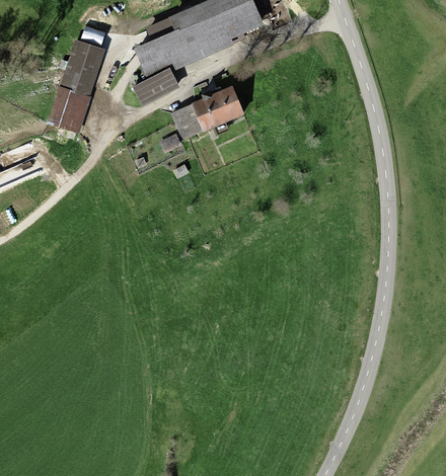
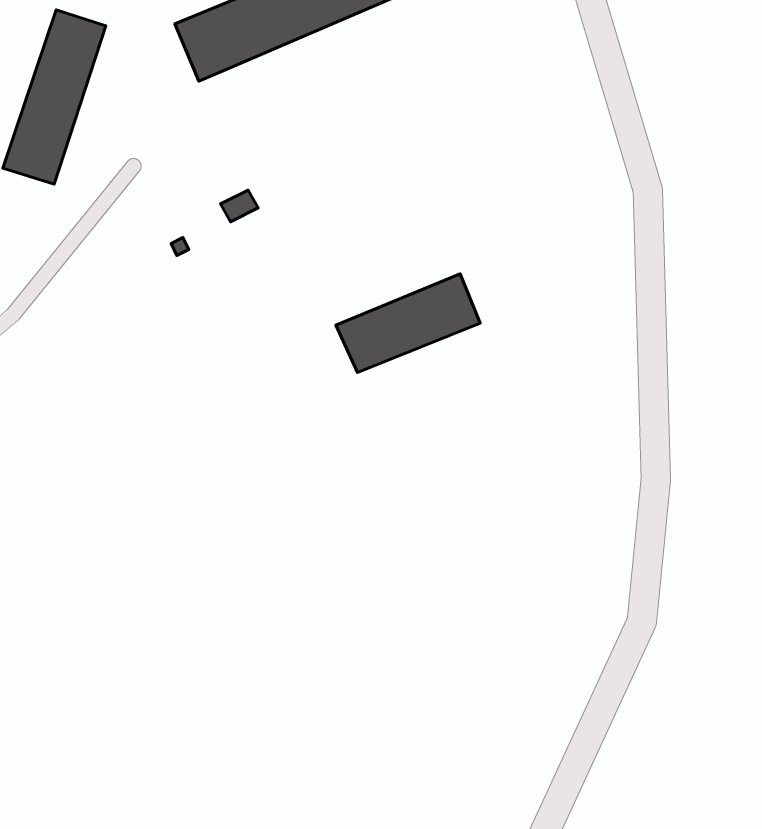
building: [135,68,178,101] -> none
building: [169,86,243,137] -> [336,274,480,373]

